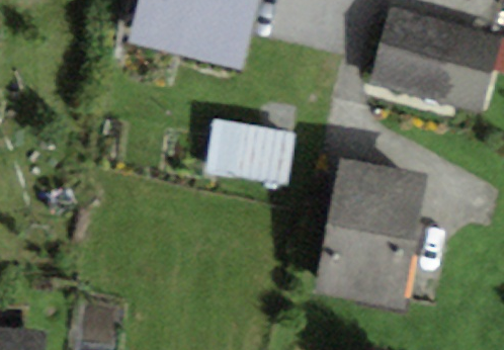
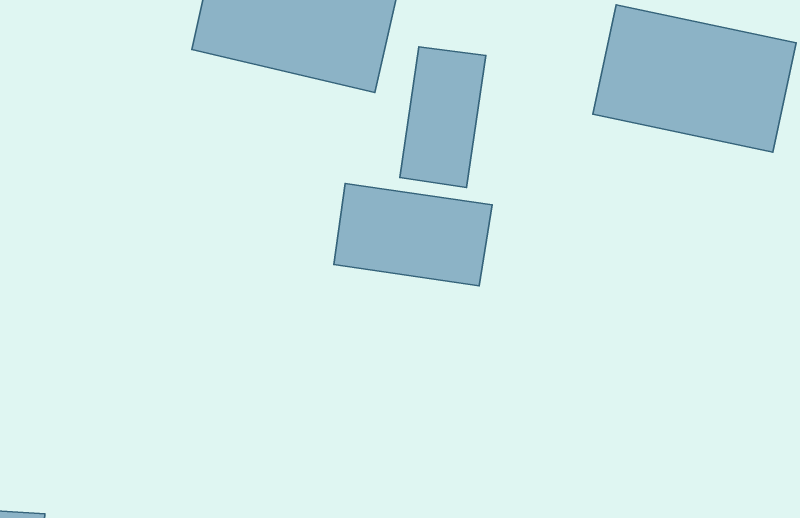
building: none -> [400,47,486,187]
building: [317,168,427,308] -> none

